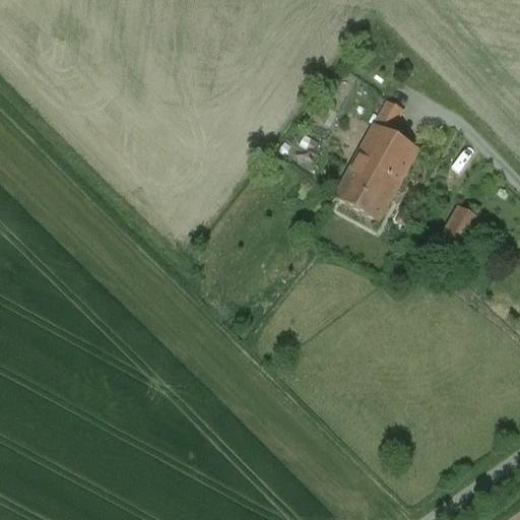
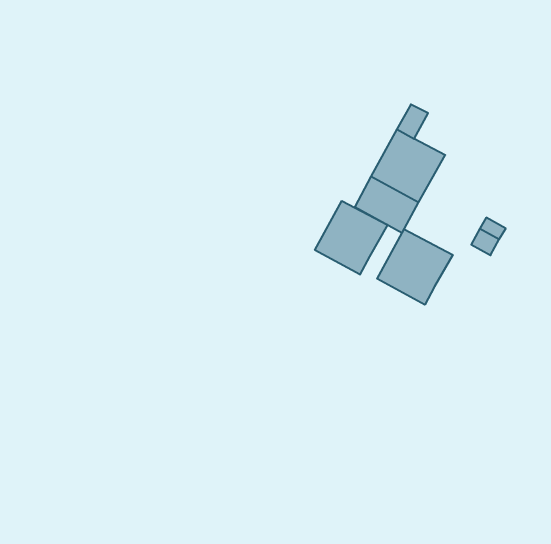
building: none -> [315,201,388,275]
building: none -> [377,229,453,305]

